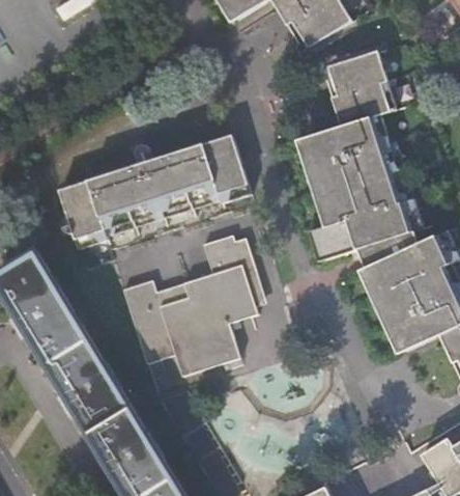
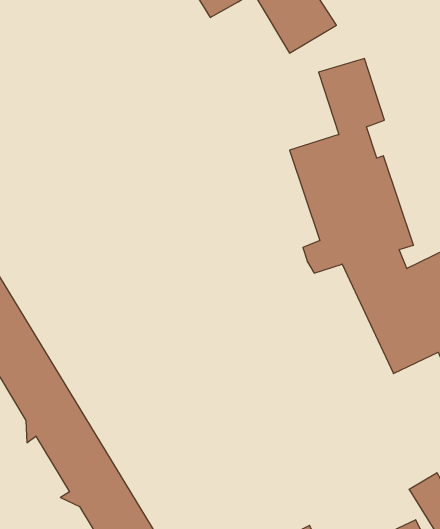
building: [55,133,246,245] -> none
building: [118,229,257,374] -> none

